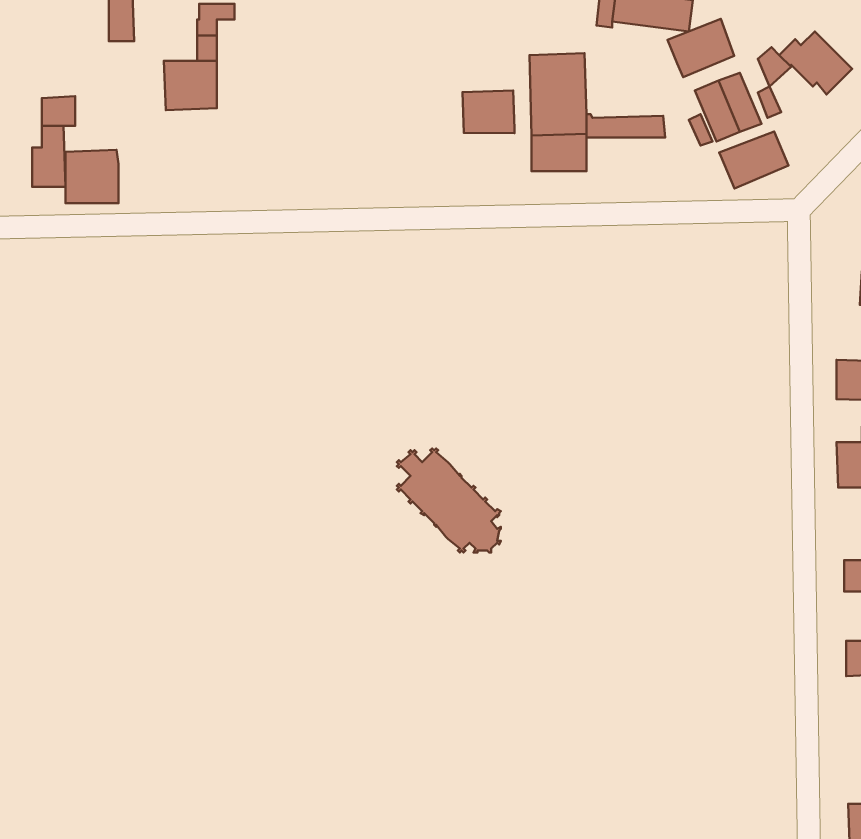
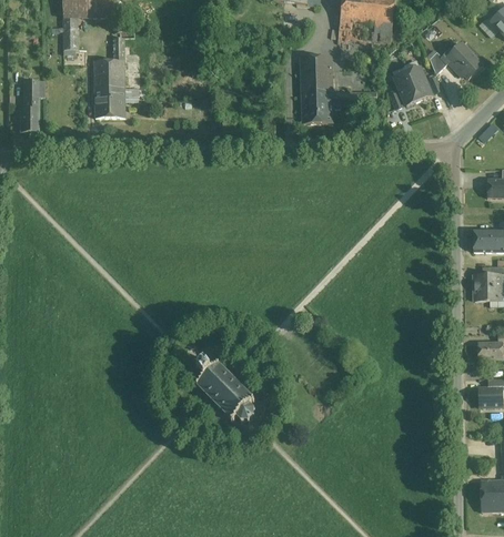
building: [667,19,734,77] -> none
building: [463,91,515,133] -> none
building: [719,132,789,188] -> none
building: [65,150,119,203] -> [95,85,125,115]
building: [397,448,501,553] -> [196,362,255,421]

